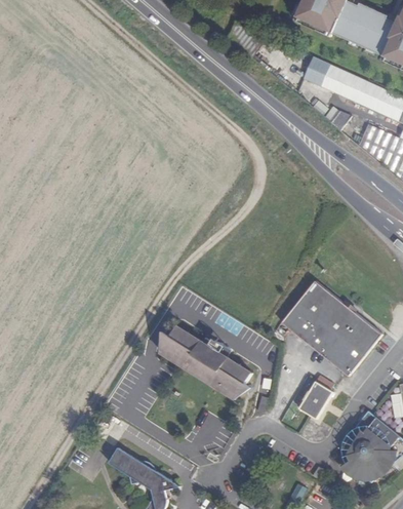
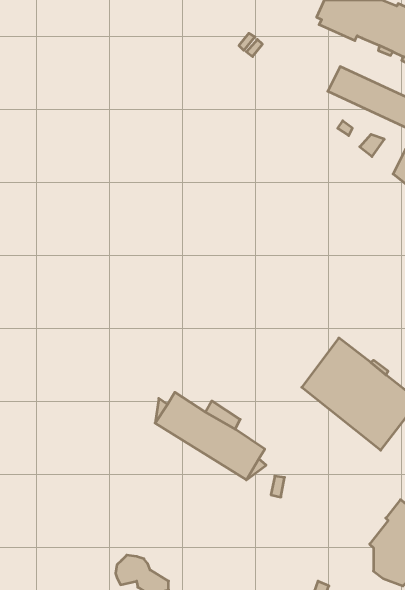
building: [296,381,331,418] -> none
building: [109,449,136,477] -> none

